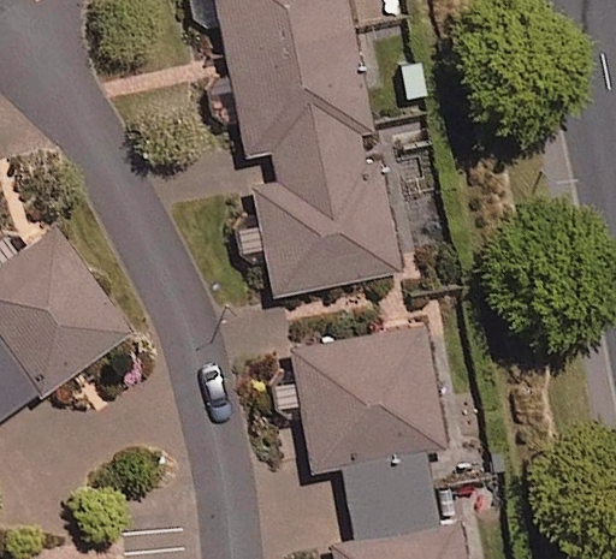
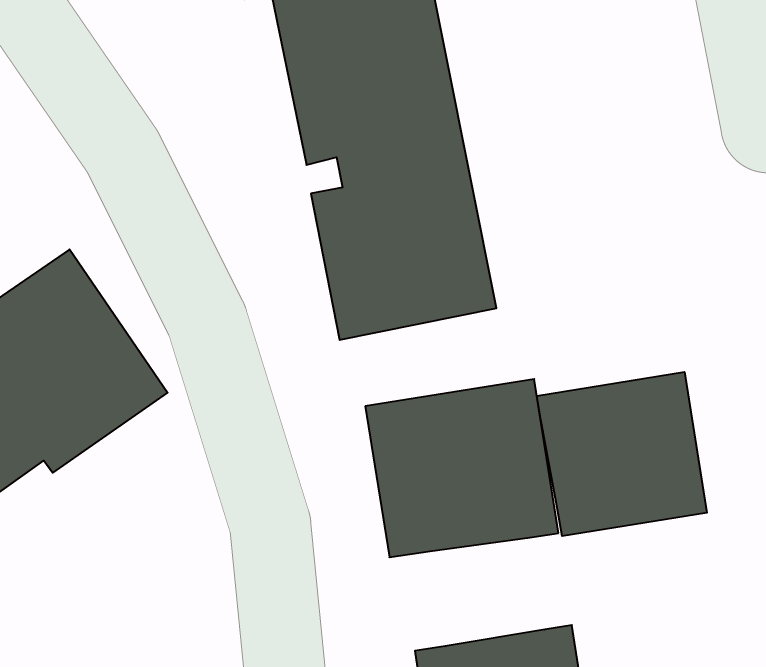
building: none -> [537,372,707,536]
building: [345,453,437,540] -> none

